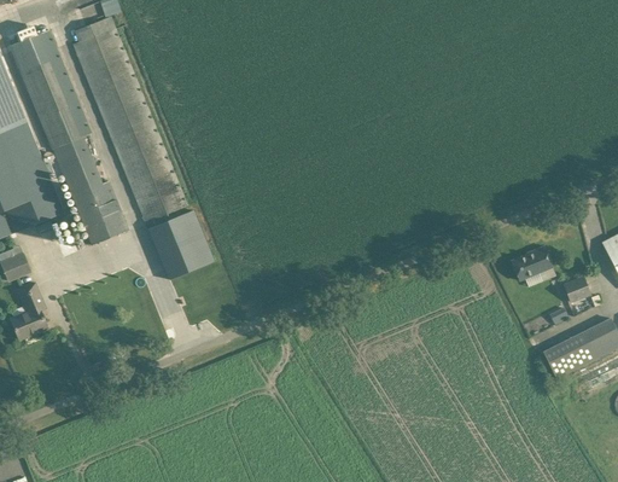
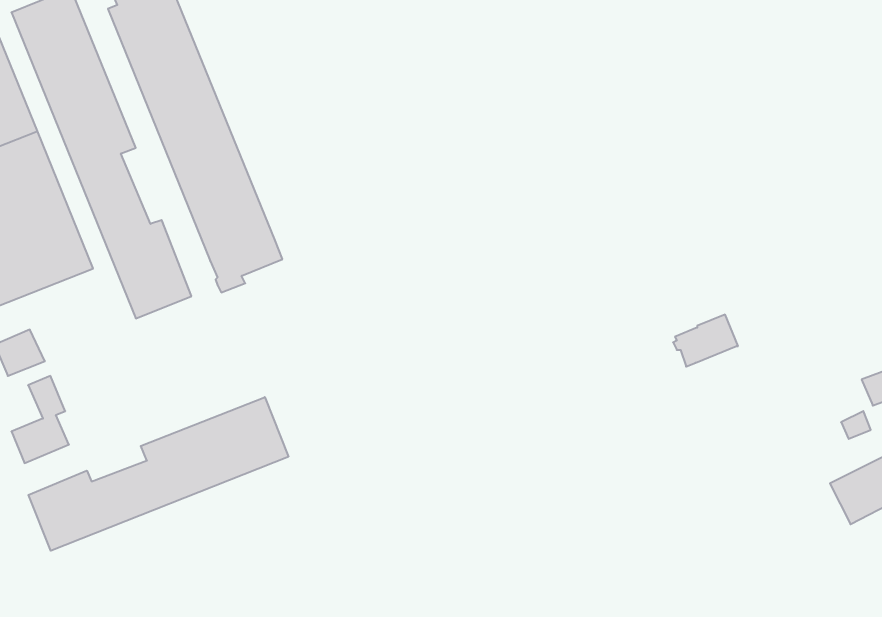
building: [147,209,214,279] -> none
building: [509,245,552,279] -> [673,315,738,367]
building: none -> [28,397,288,551]

